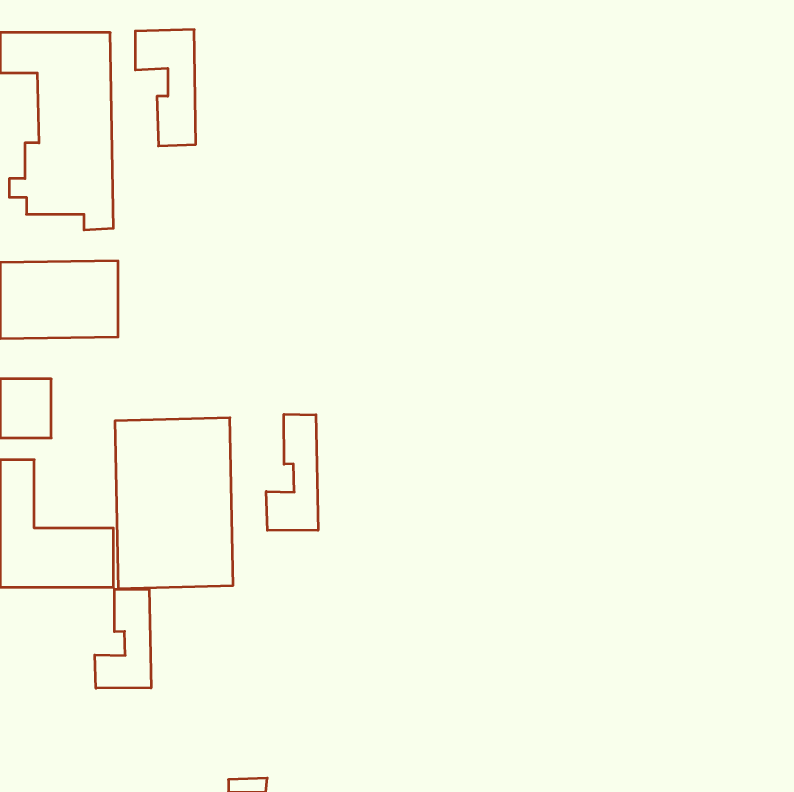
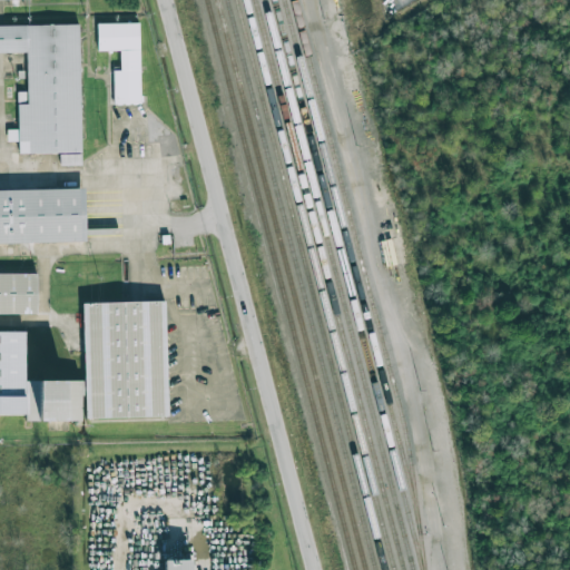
building: [266,414,318,530] -> none
building: [95,589,151,688] -> none

